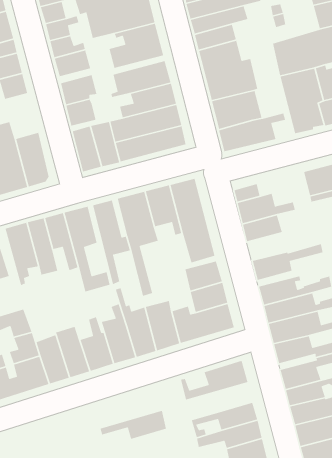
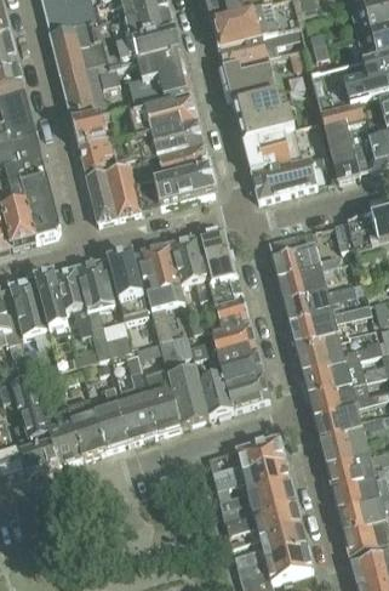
building: none -> [10,131,48,182]
building: none -> [284,279,365,320]
building: [99,410,167,440] -> [214,459,291,493]

